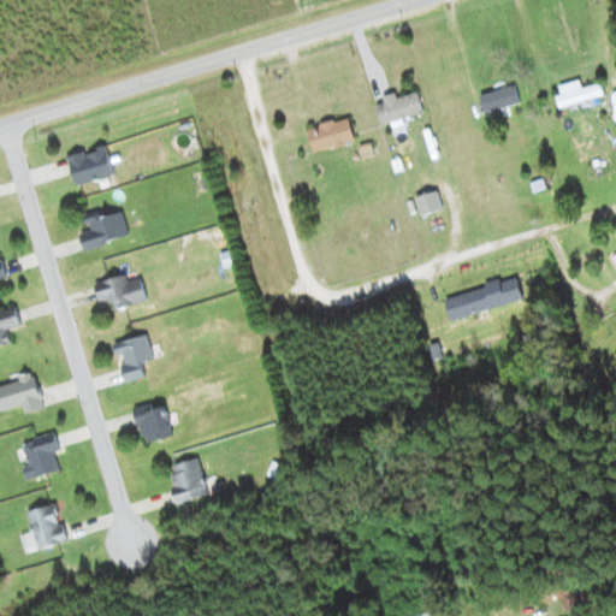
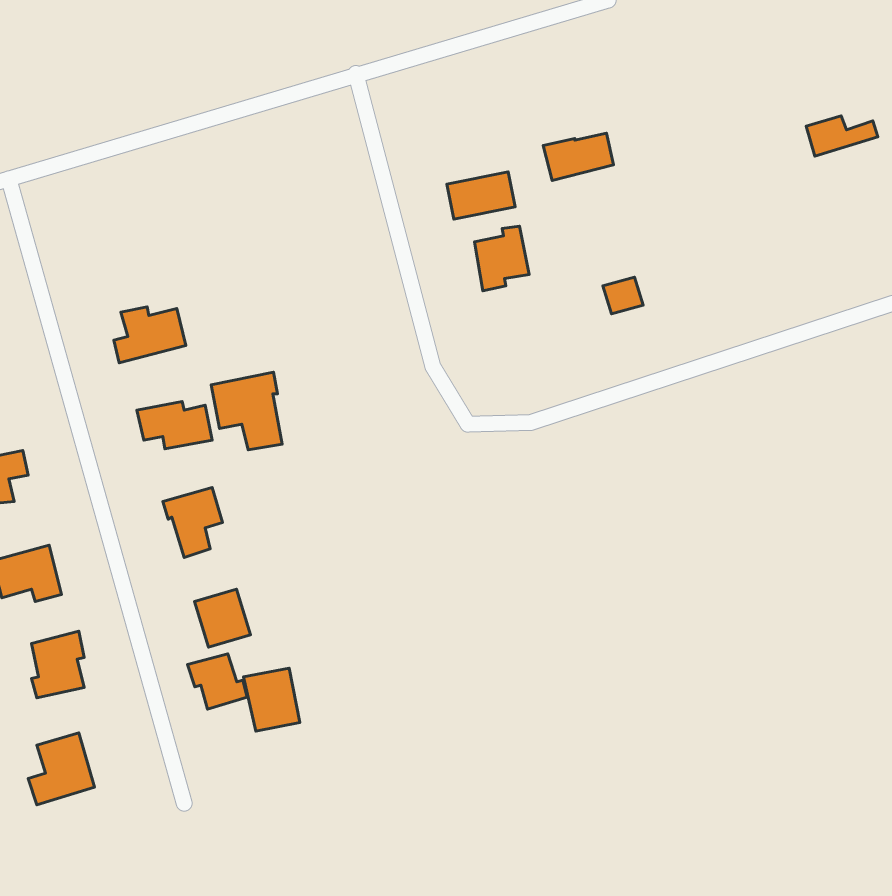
building: [478,84,519,112] -> none
building: [66,148,112,185] -> none
building: none -> [475,226,529,291]
building: none -> [211,372,282,450]
building: [443,278,522,318] -> none
building: none -> [187,654,247,709]

